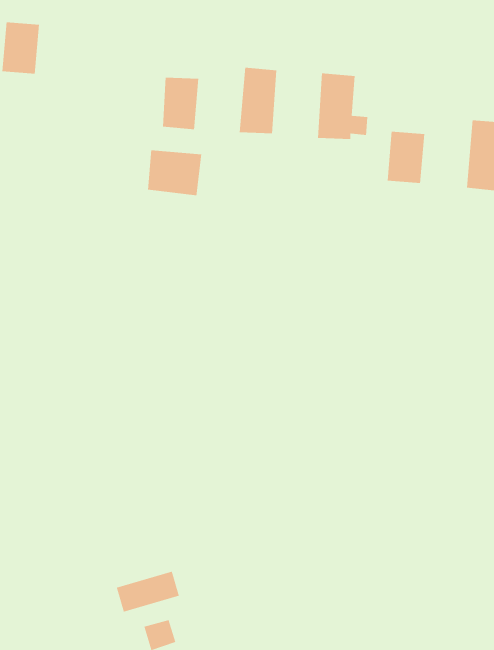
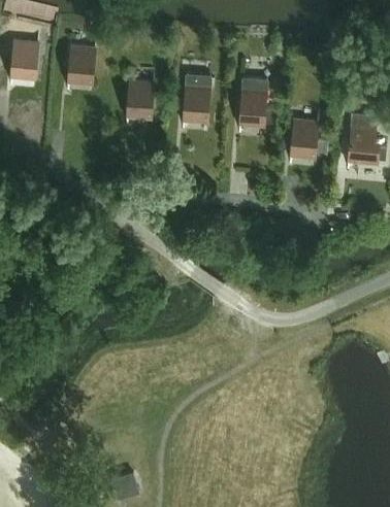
building: none -> [67,47,96,87]
building: [148,150,202,196] -> none
building: [116,571,179,612] -> none

